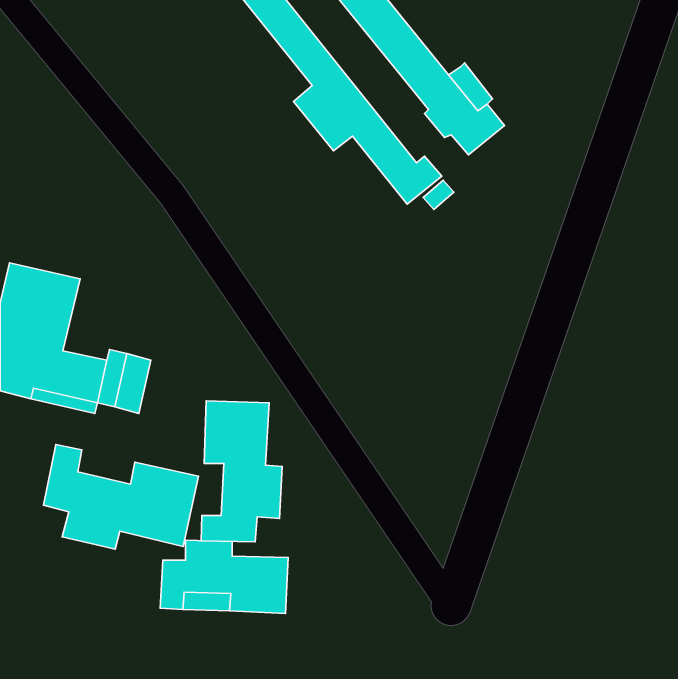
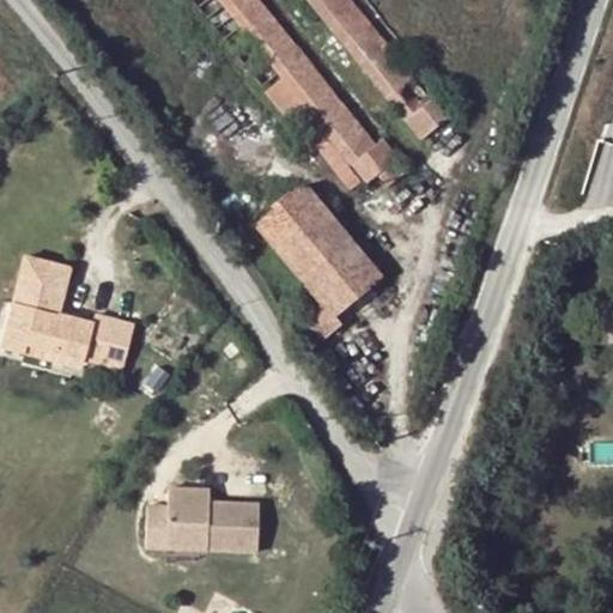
building: none -> [260,186,382,339]
building: [201,401,282,542] -> none
building: [43,445,198,549] -> none

